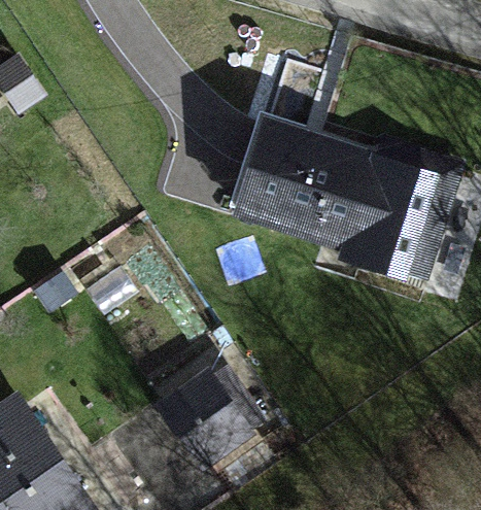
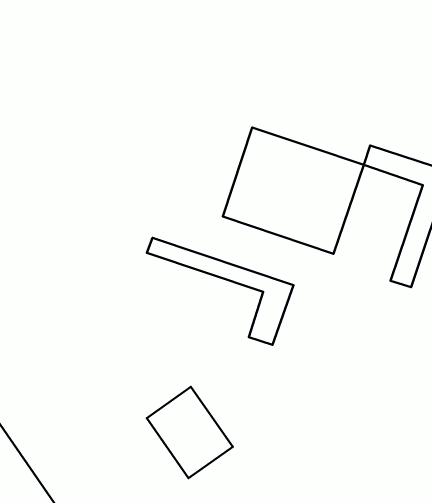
building: [345,160,433,271] -> none
building: none -> [147,238,293,345]

